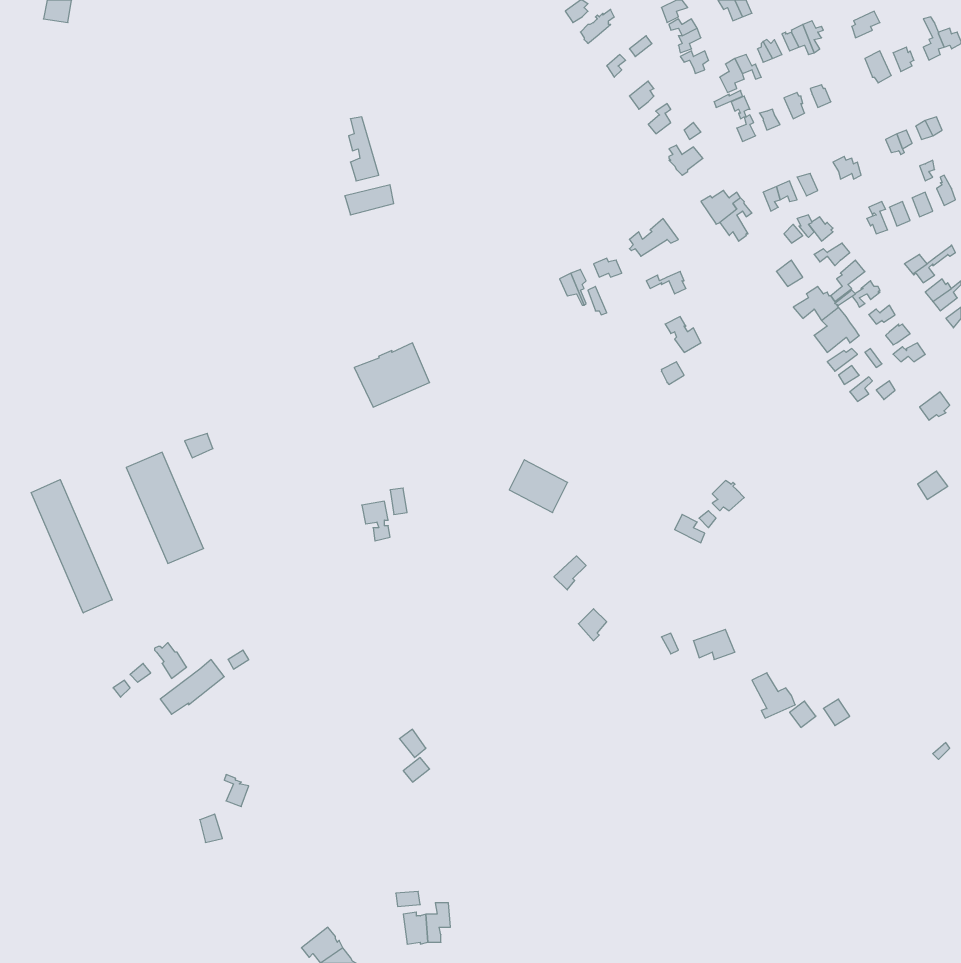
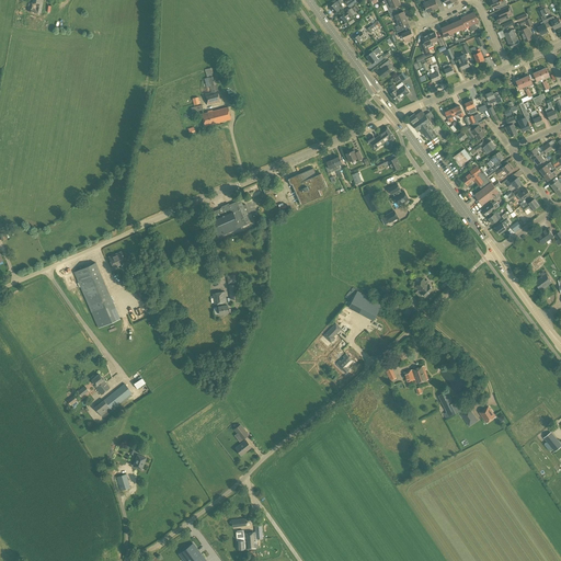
building: none -> [287,168,327,205]
building: [509,460,568,513] -> [347,290,381,321]
building: [31,480,112,613] -> none

